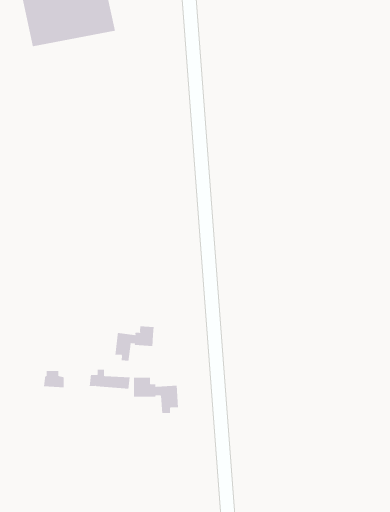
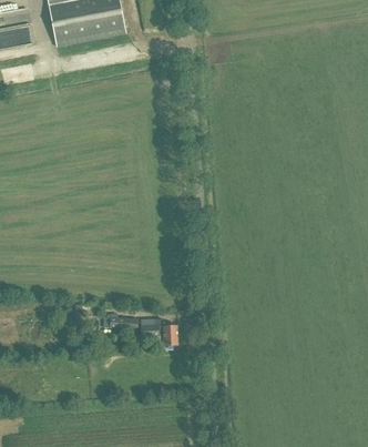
building: [115,325,154,361] -> none

